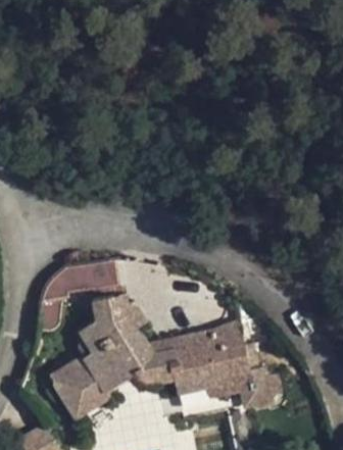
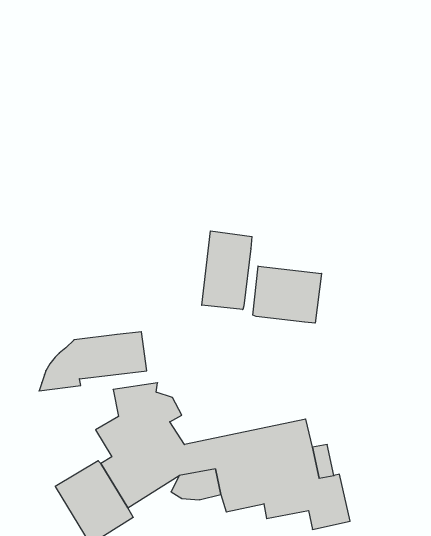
building: none -> [202,231,252,310]
building: none -> [253,266,322,323]

